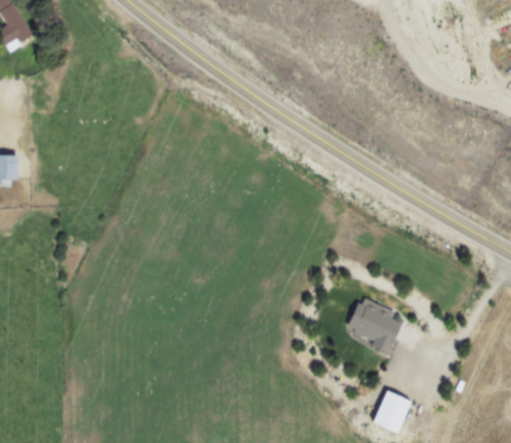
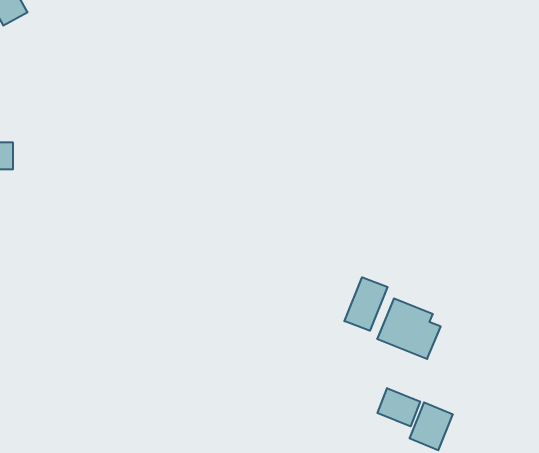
building: none -> [344,277,388,331]
building: none -> [377,388,420,426]

